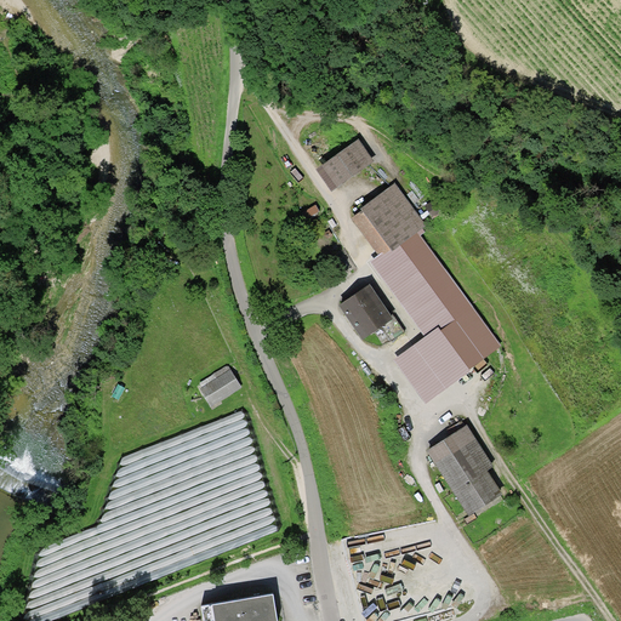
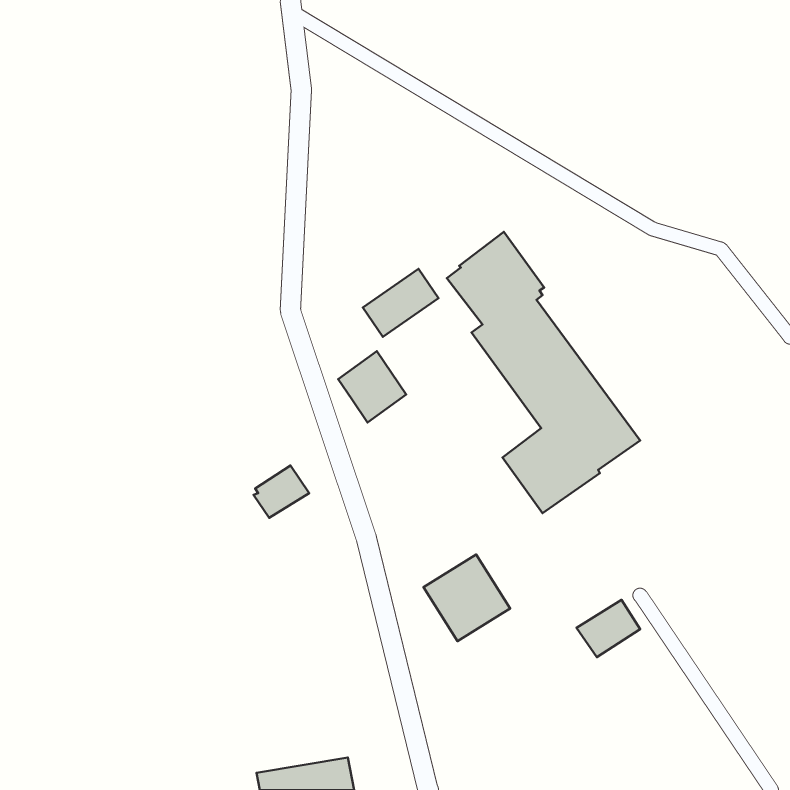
building: [315,138,375,192] -> [363,269,439,337]
building: [340,284,393,340] -> [338,351,406,422]
building: [426,425,494,492] -> [424,555,510,641]

